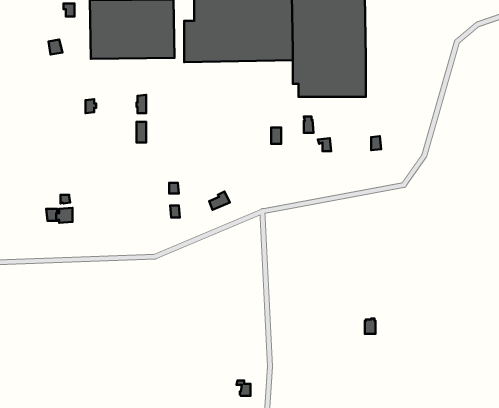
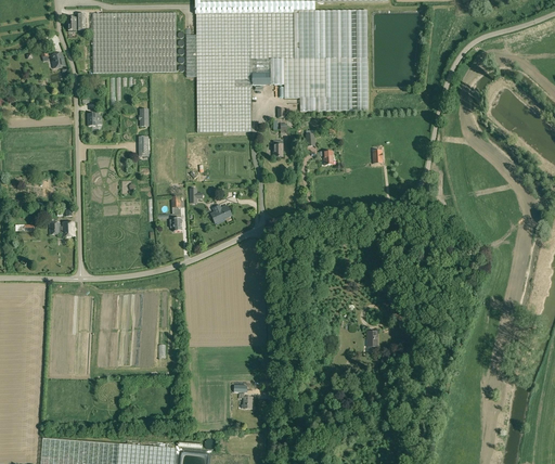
building: none -> [186,74,295,132]

